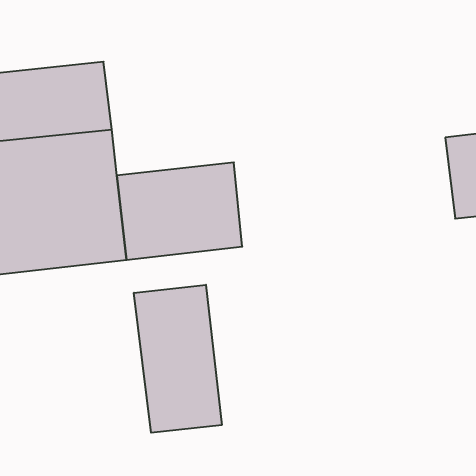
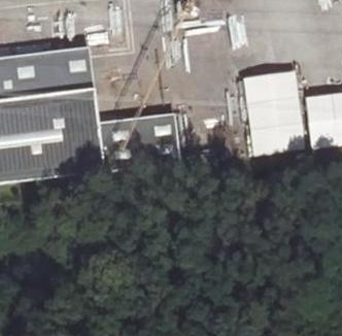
building: none -> [241,69,303,154]
building: [134,285,222,433] -> none

